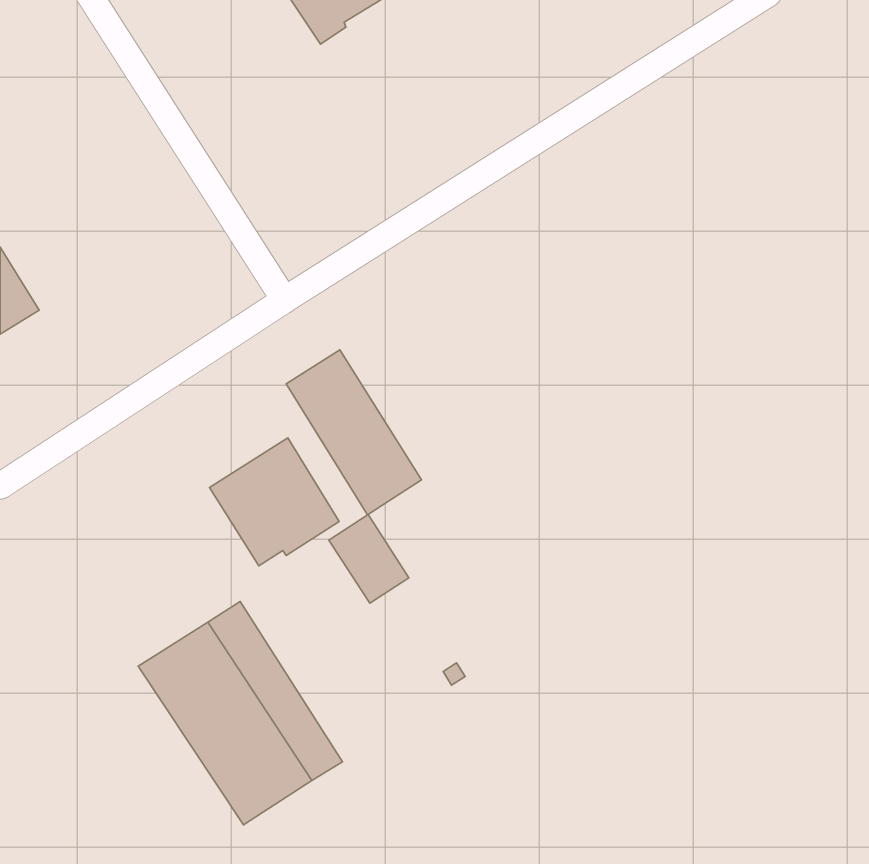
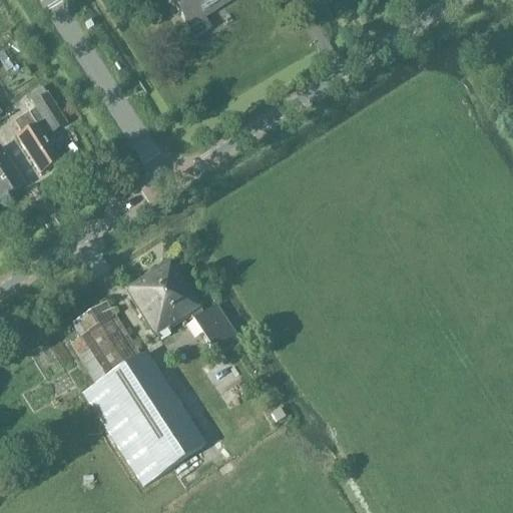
building: none -> [14,85,67,172]
building: [286,350,422,515] -> none
building: none -> [71,298,142,382]

